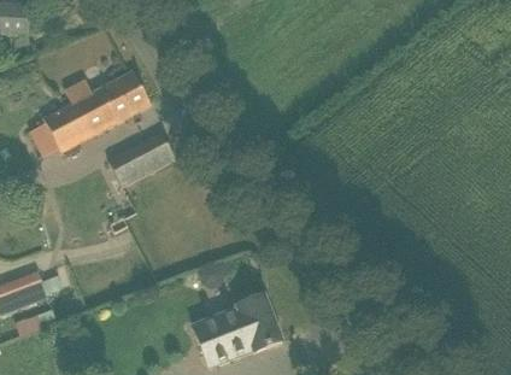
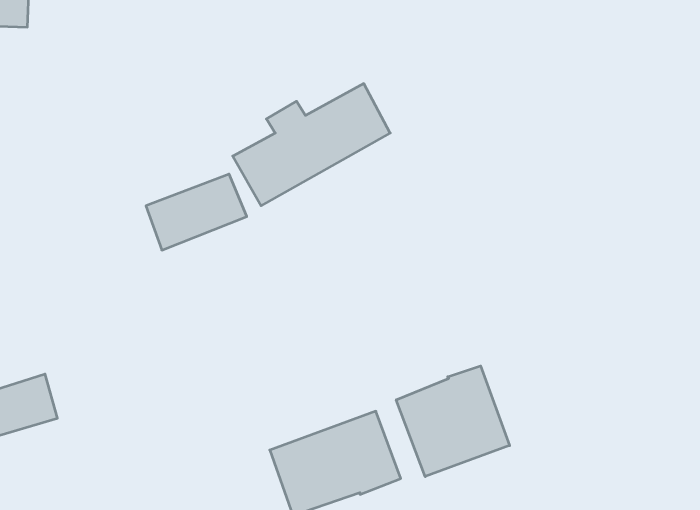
building: [42,71,149,154] -> [233,84,390,206]
building: none -> [396,366,510,477]

